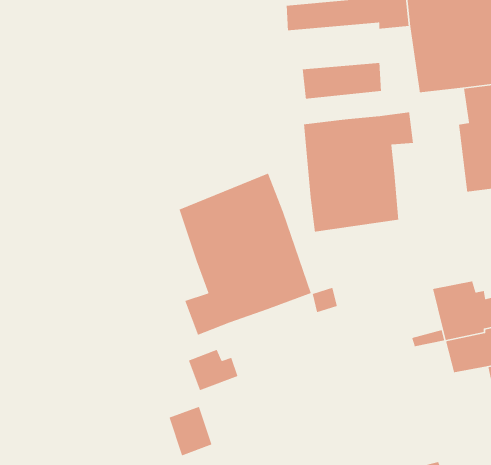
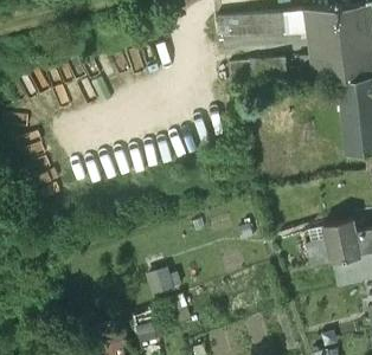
building: [303,112,414,232] -> none
building: [178,173,312,336] -> none

